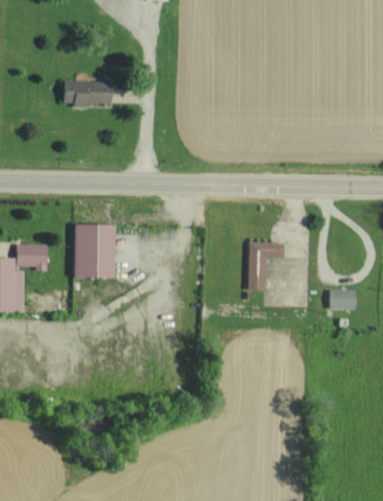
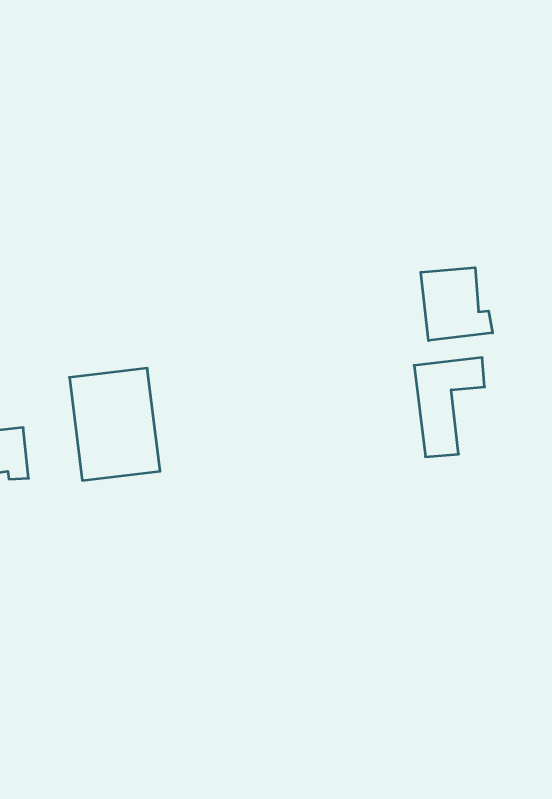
building: [63,80,111,104] -> none
building: none -> [421,268,493,341]

